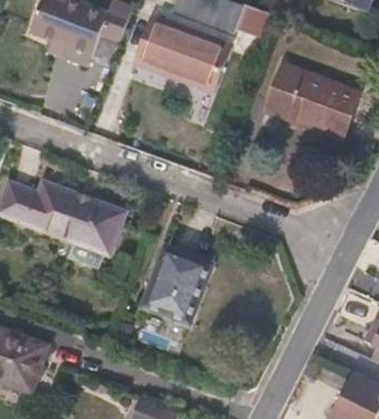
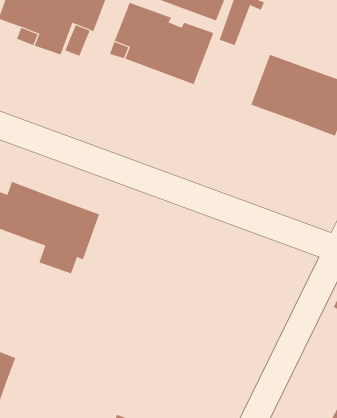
building: [143,247,211,322] -> none

